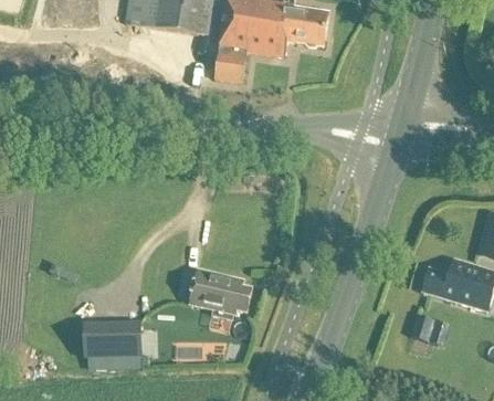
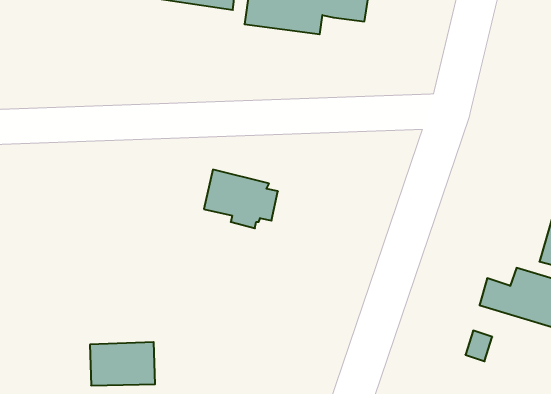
building: [213,51,246,83] -> none
building: [188,268,252,319] -> [204,170,278,228]

